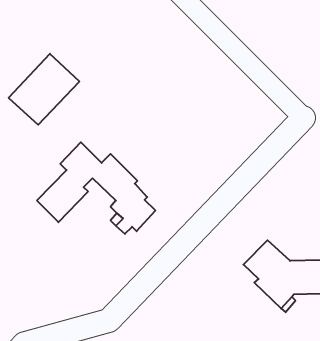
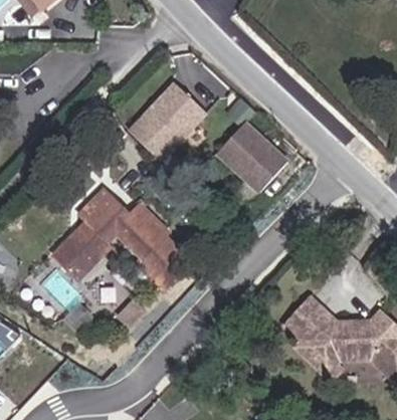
building: [9,54,79,125] -> [128,81,207,161]
building: none -> [216,122,286,191]

